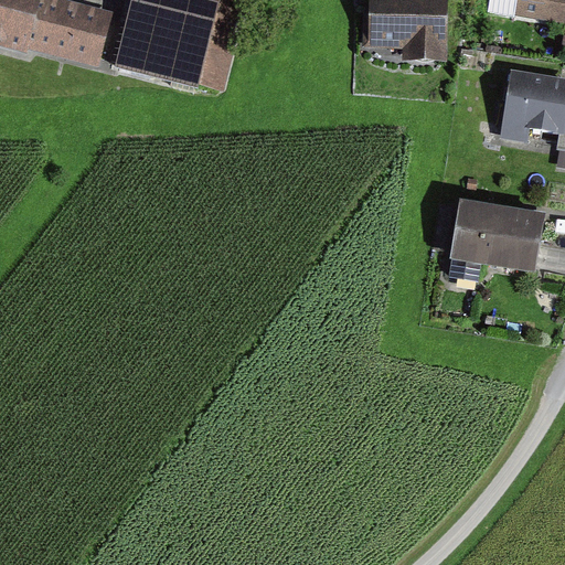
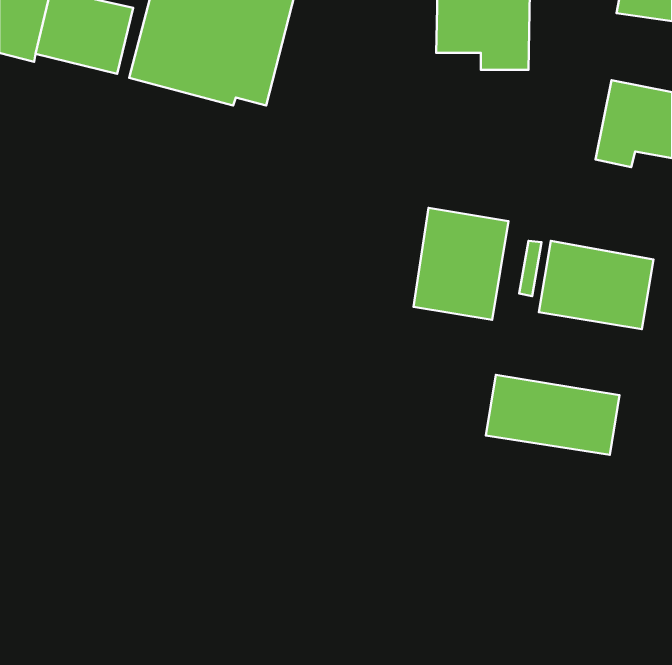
building: none -> [413,208,509,320]
building: none -> [486,375,619,455]

